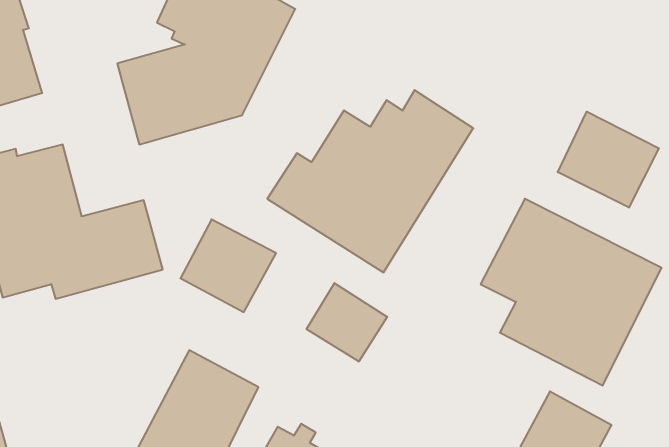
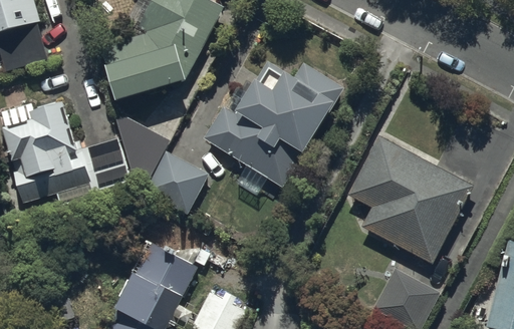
building: [558,112,659,208] -> none
building: none -> [116,112,168,195]
building: [307,283,387,362] -> none

